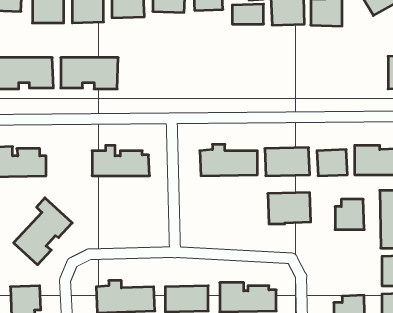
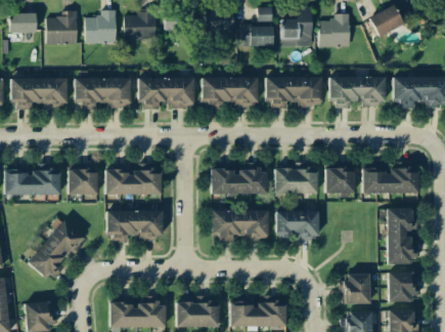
building: none -> [202,77,258,109]
building: none -> [266,77,321,108]
building: none -> [329,77,386,108]
building: none -> [140,78,194,109]
building: none -> [69,169,98,195]
building: none -> [106,210,163,242]
building: none -> [212,210,268,242]
building: [335,199,364,230] -> [342,274,370,303]

